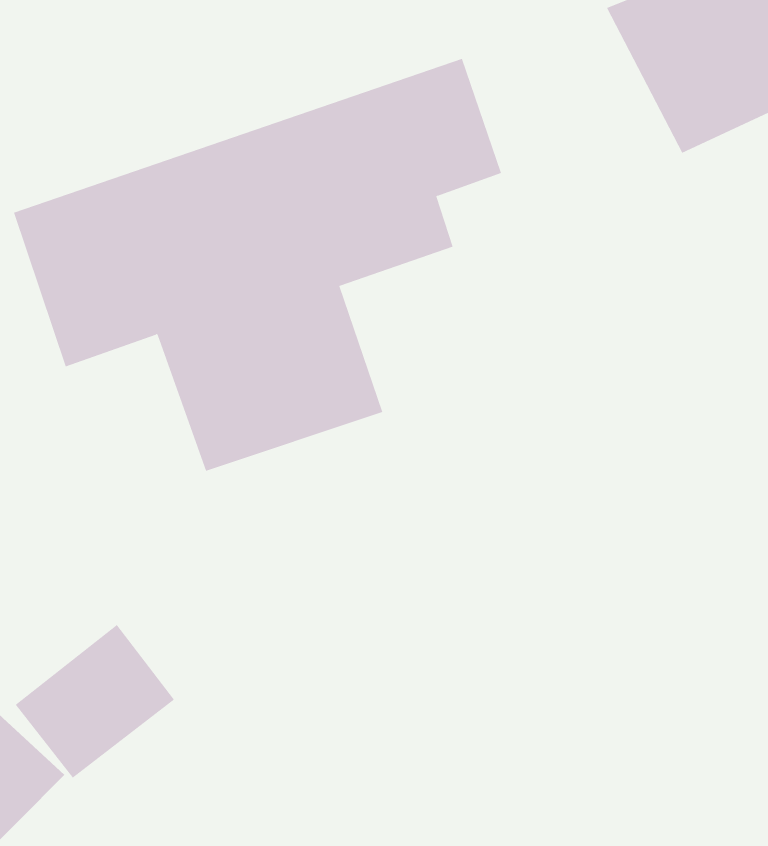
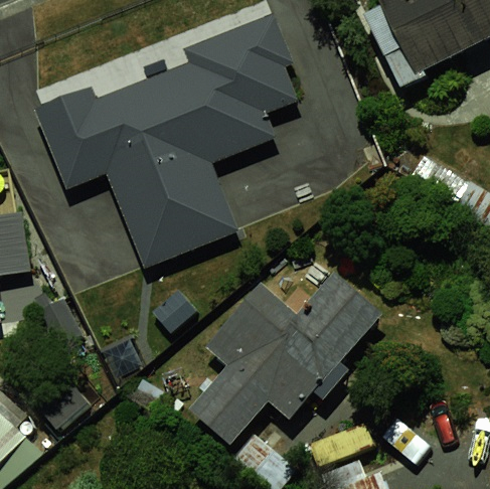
building: none -> [193,270,380,436]

